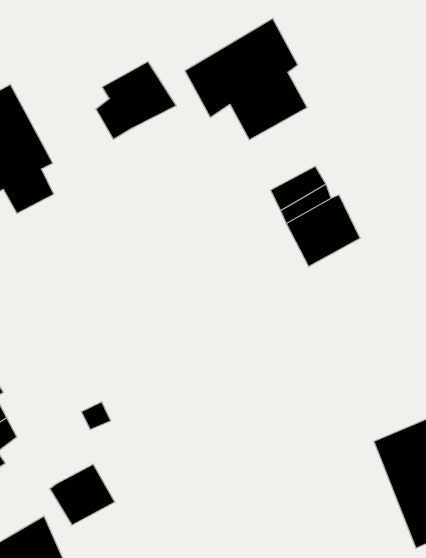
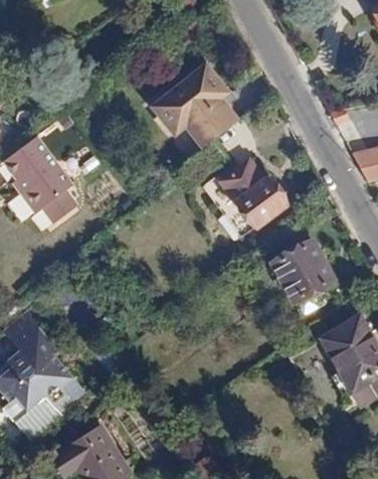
building: [96,62,176,139] -> none
building: none -> [269,240,331,314]
building: [50,464,115,525] -> none

